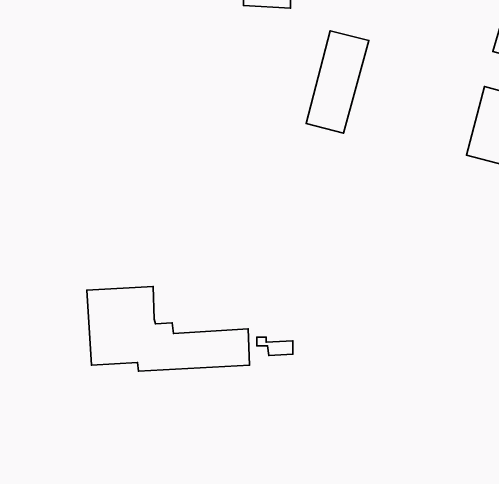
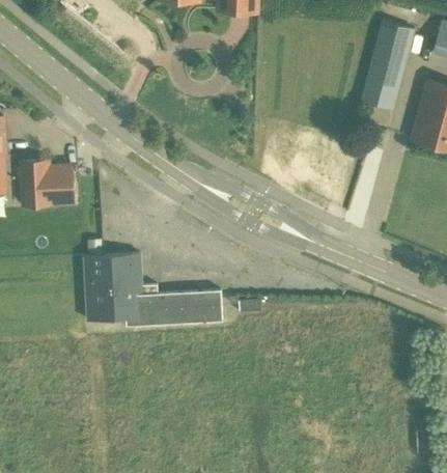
building: [306,31,369,133] -> [361,21,415,109]
building: none -> [21,161,73,205]

